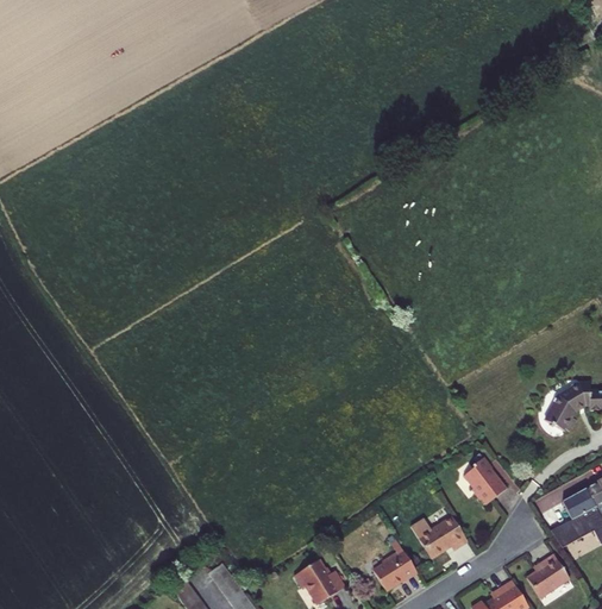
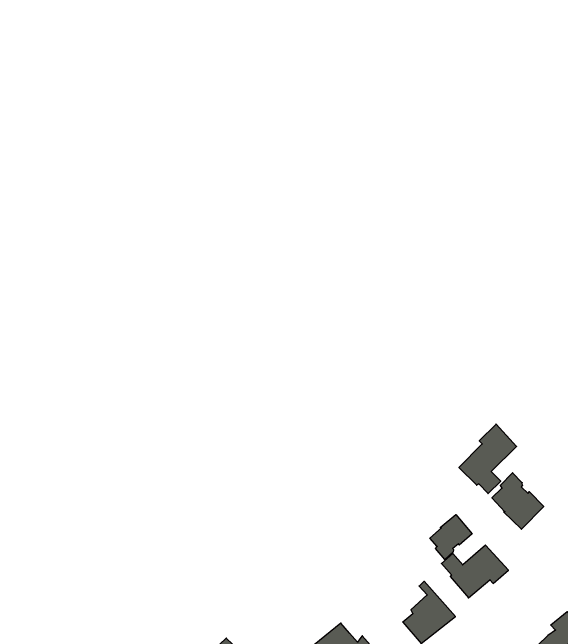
building: none -> [459,424,517,494]
building: none -> [430,515,472,559]

